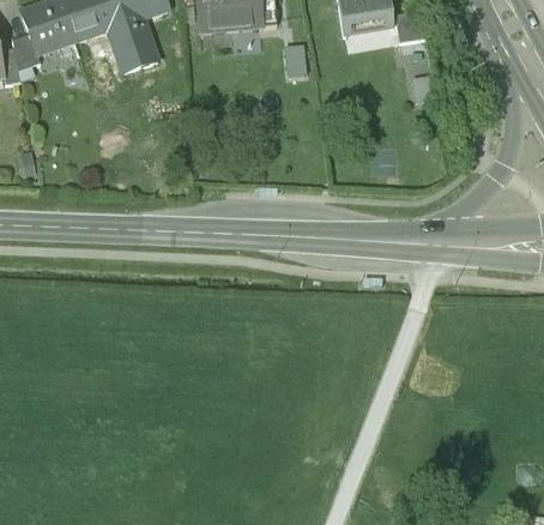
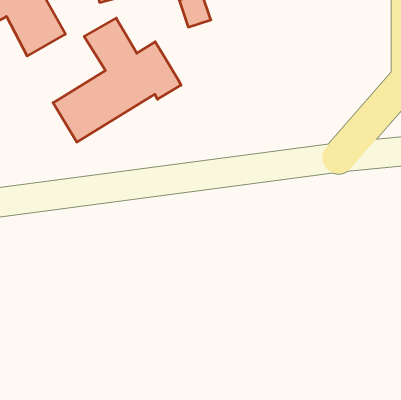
building: none -> [53,18,181,142]

